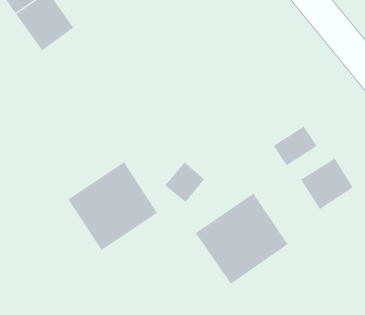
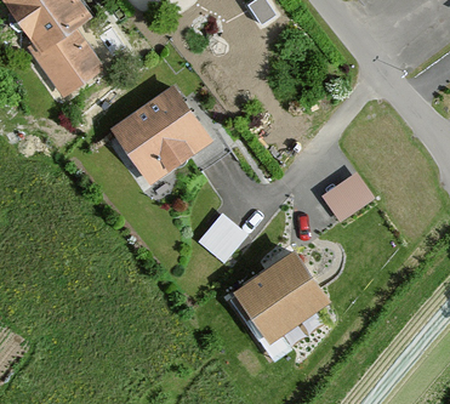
building: [300,158,354,210] -> none
building: [68,161,158,251] -> [112,89,210,186]

